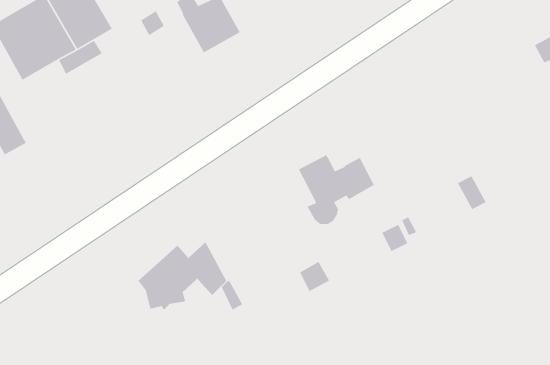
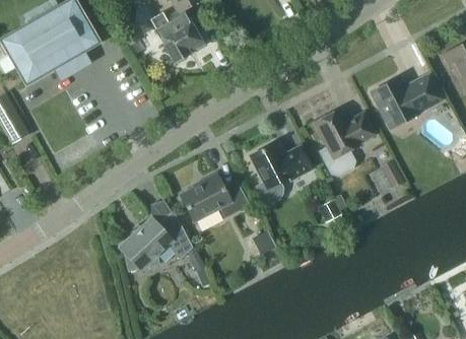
building: none -> [372,75,441,127]
building: none -> [314,109,375,177]
building: none -> [180,173,249,221]

